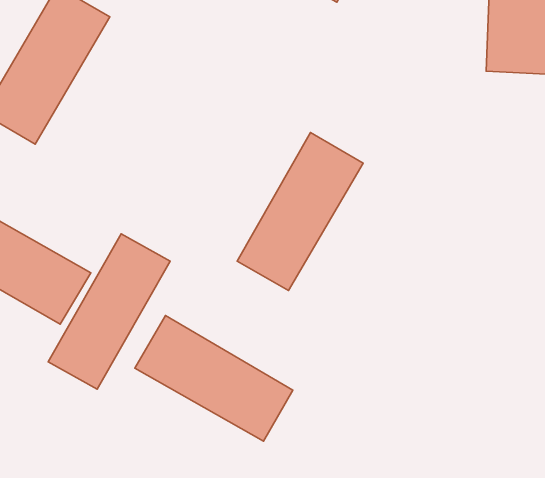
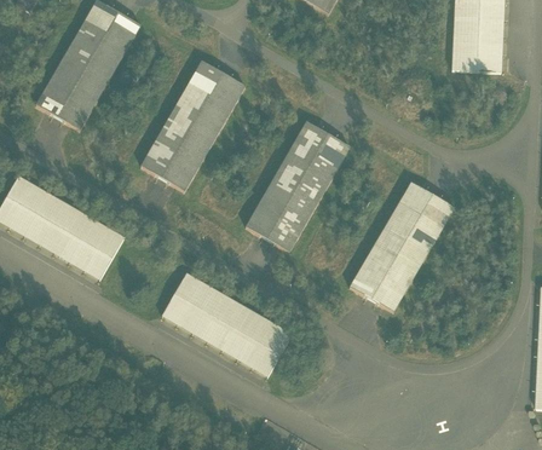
building: none -> [140,60,244,191]
building: none -> [348,183,454,312]
building: [48,234,170,389] -> none

